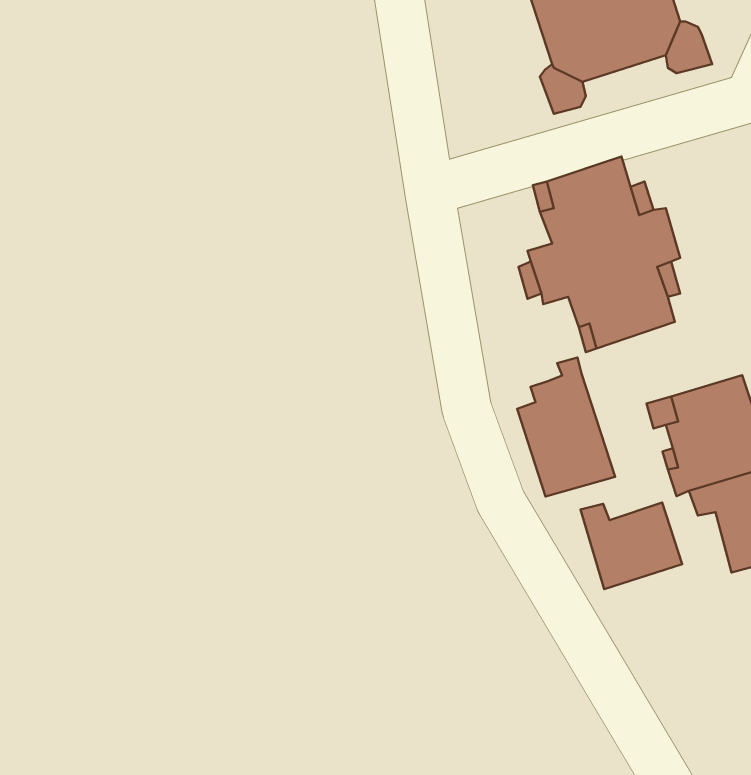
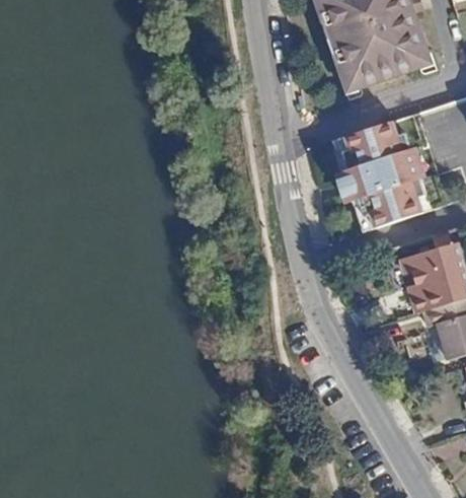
building: [517,357,615,497] -> none
building: [580,502,682,589] -> none

